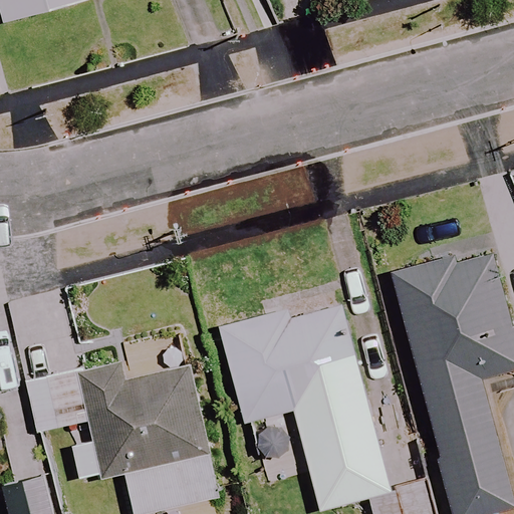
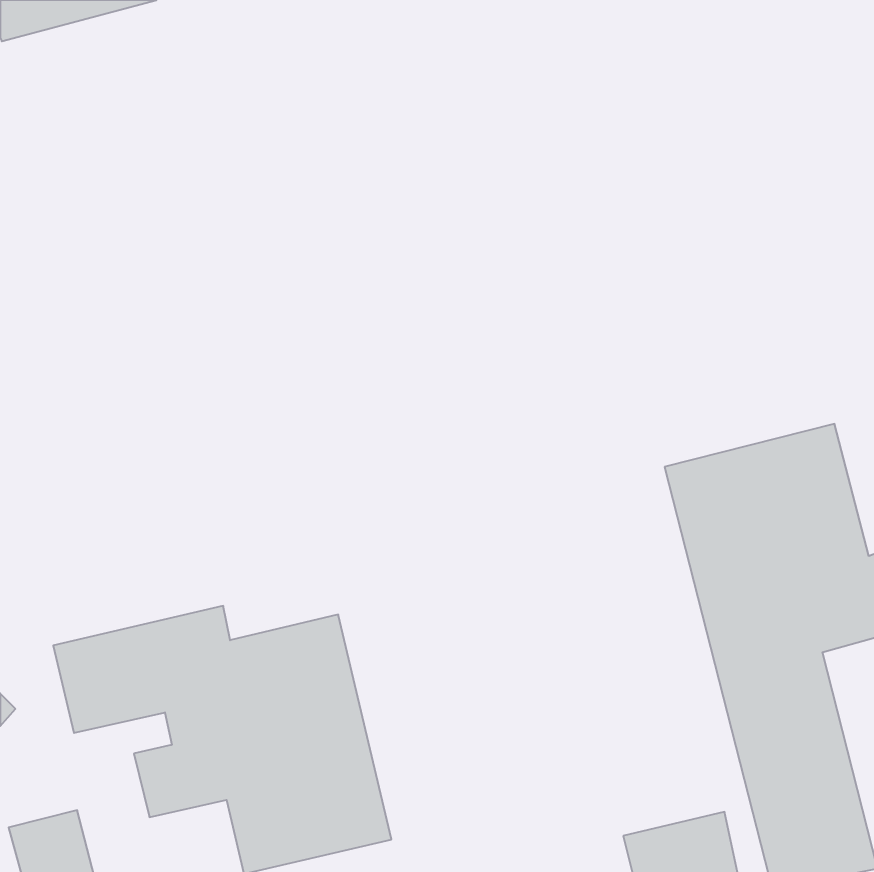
building: [220,301,378,475] -> none

